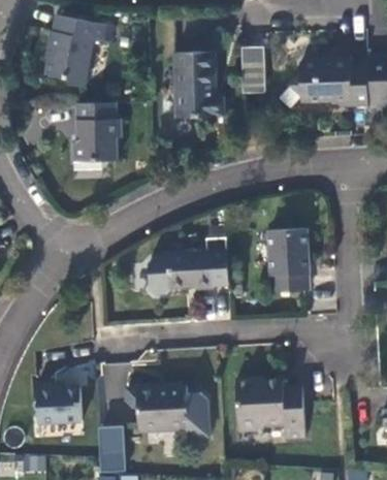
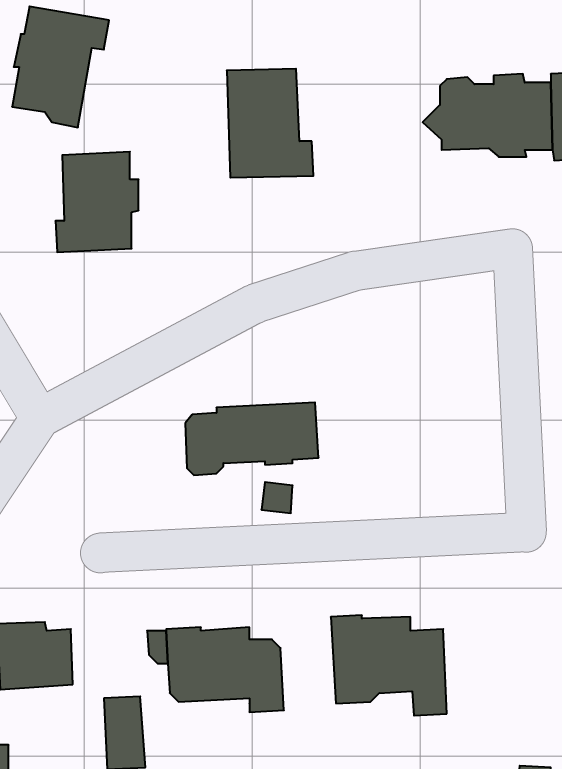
building: [238,44,263,93] -> none
building: [268,228,309,291] -> none

